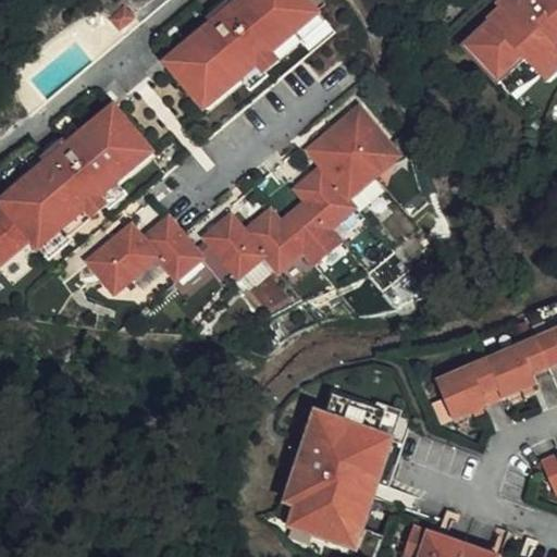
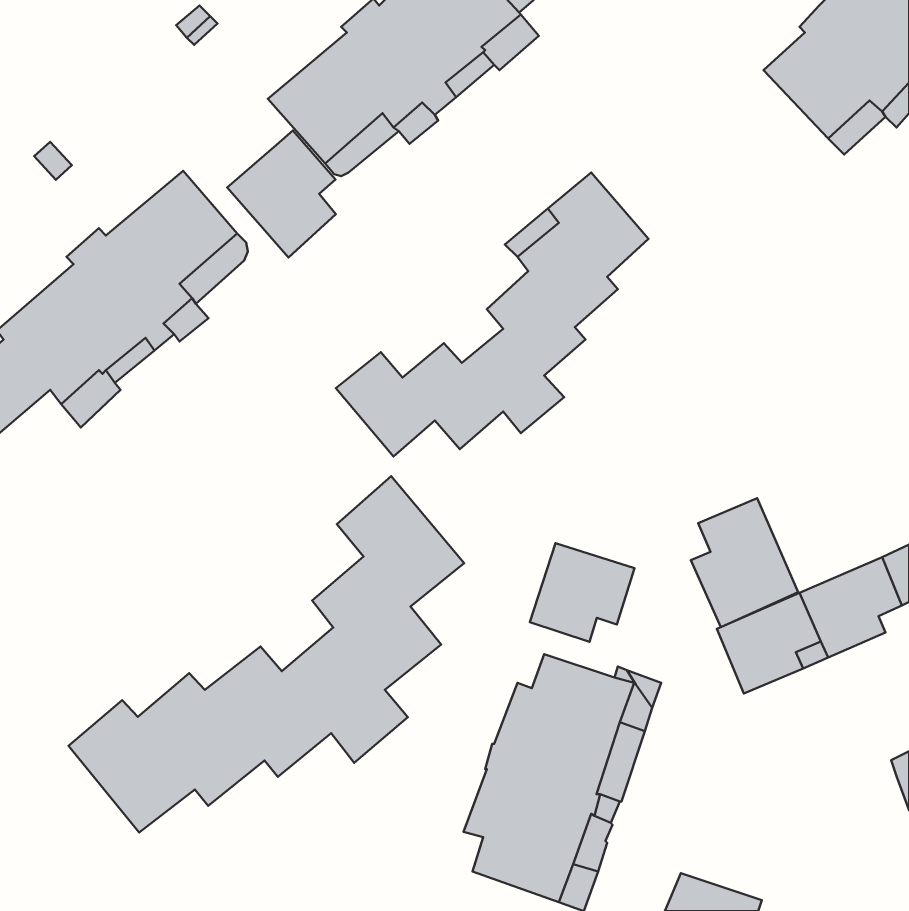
building: none -> [227,131,336,258]
building: [85,215,203,286] -> none
building: none -> [68,476,464,833]
building: none -> [691,498,798,627]
building: none -> [530,543,635,642]

